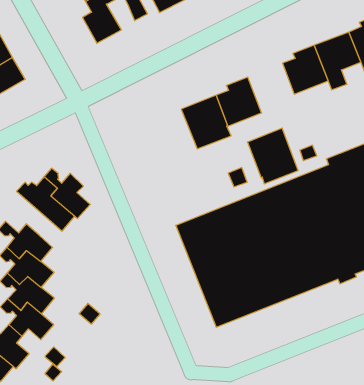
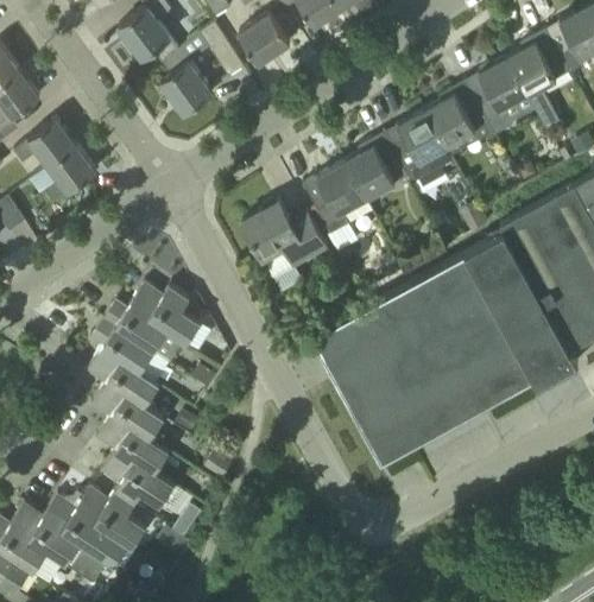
building: none -> [242,202,328,279]
building: [247,128,298,184] -> [384,110,454,185]
building: none -> [94,319,153,373]

